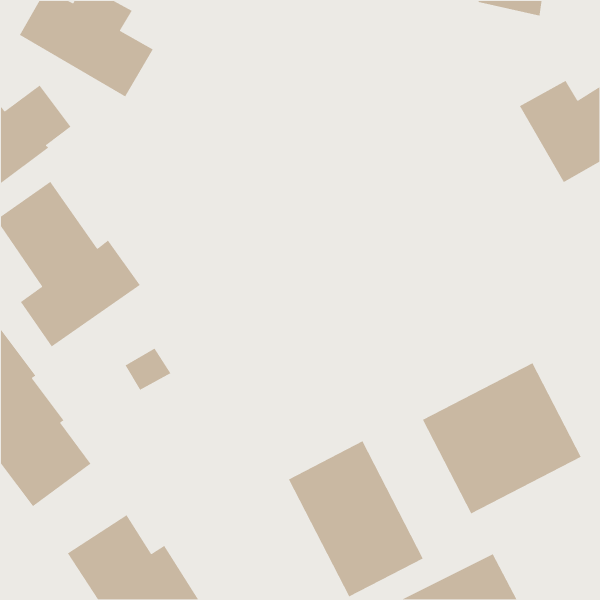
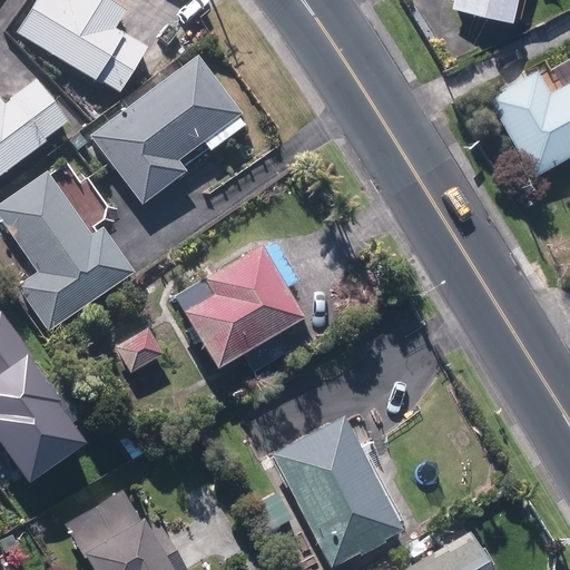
building: none -> [92,57,240,202]
building: none -> [184,246,303,366]
building: [422,362,582,514] -> none

